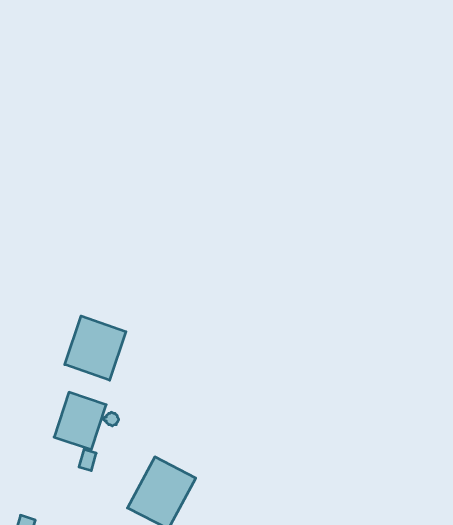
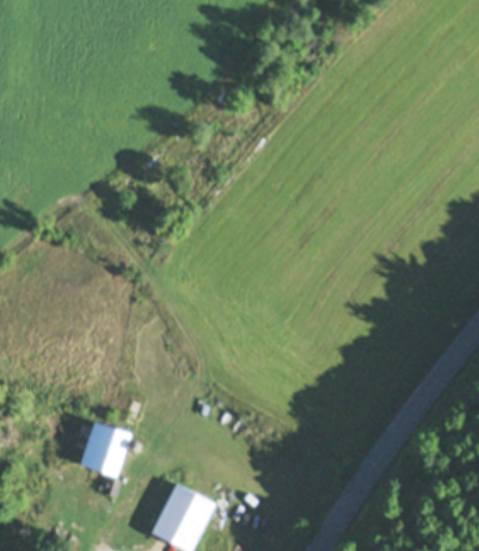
building: [65,316,126,380] -> none

